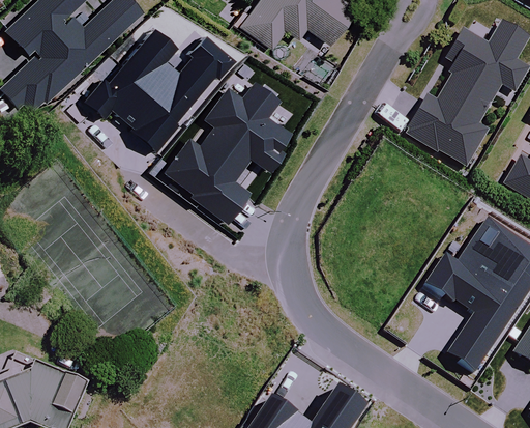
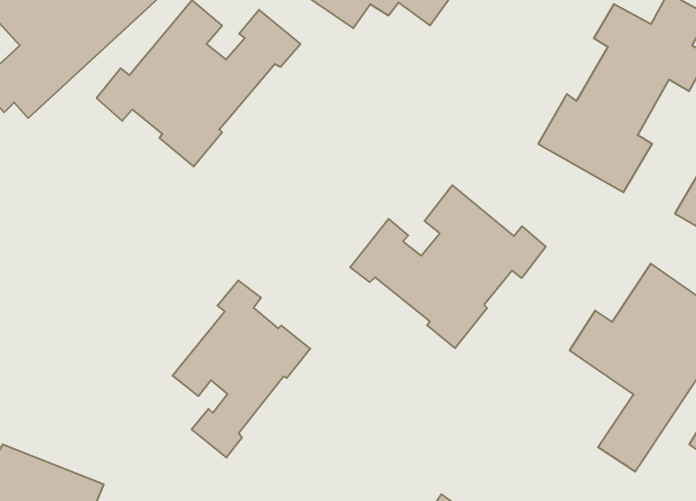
building: [164,80,289,221] -> none
building: none -> [350,185,546,348]
building: none -> [173,280,310,458]

